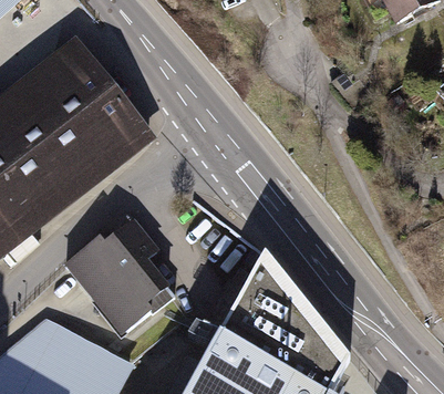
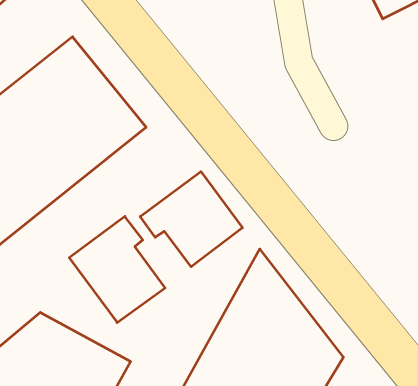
building: none -> [140,172,242,267]

